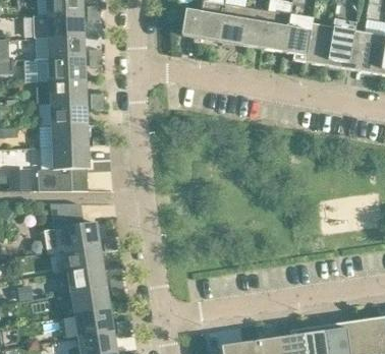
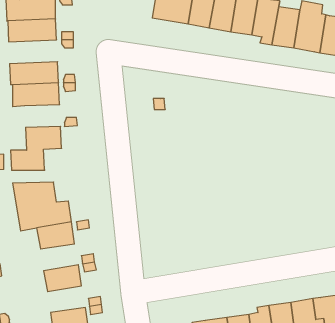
building: [35,57,86,81] -> none
building: [52,123,89,146] -> none
building: [68,266,107,293] -> none
building: [75,308,114,336] -> none

